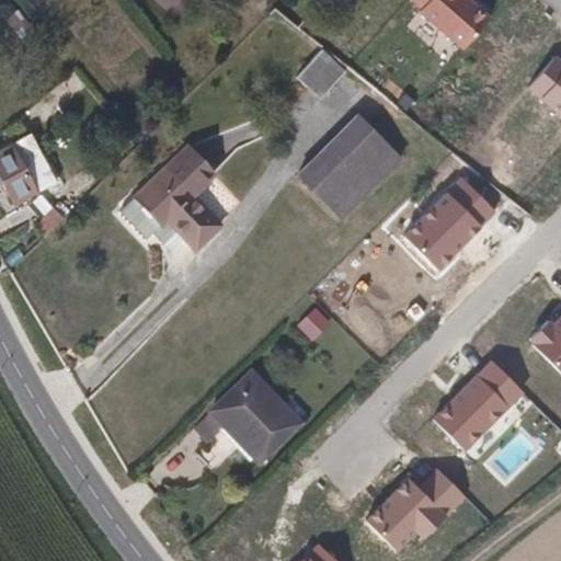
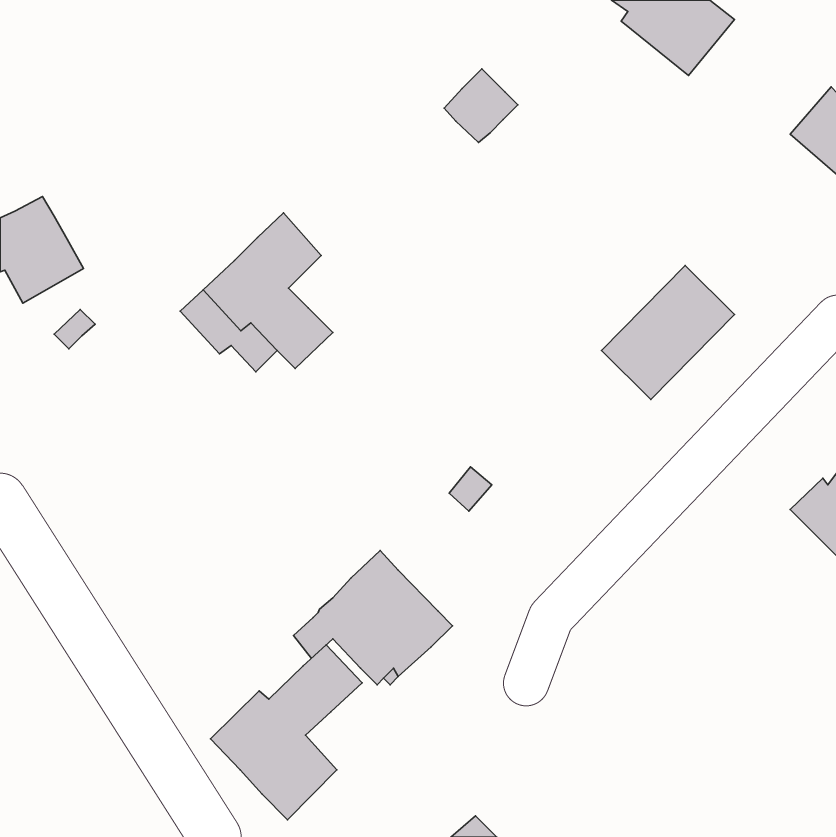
building: [301,112,404,215] -> none
building: [434,360,525,451] -> none
building: none -> [210,645,362,820]
building: [364,469,468,554] -> none

